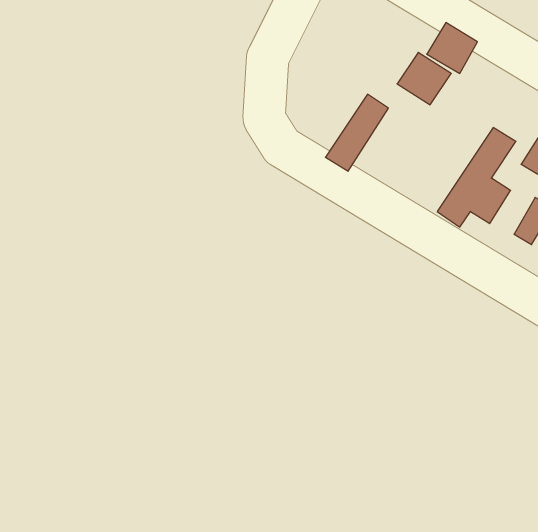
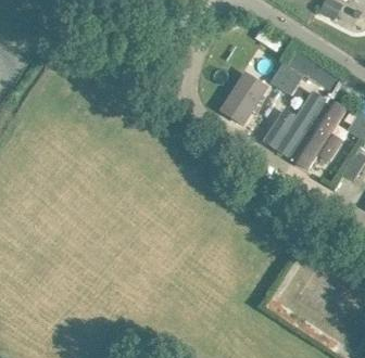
building: none -> [265,94,325,162]

